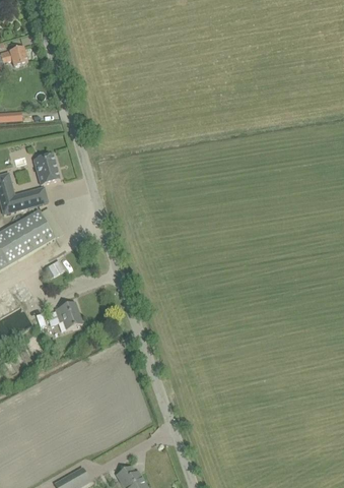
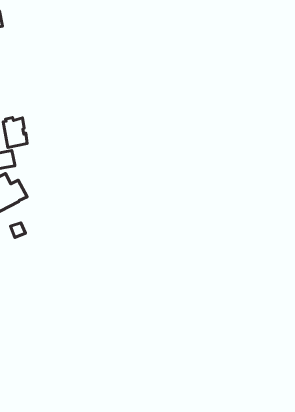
building: [55,301,82,329] -> none

